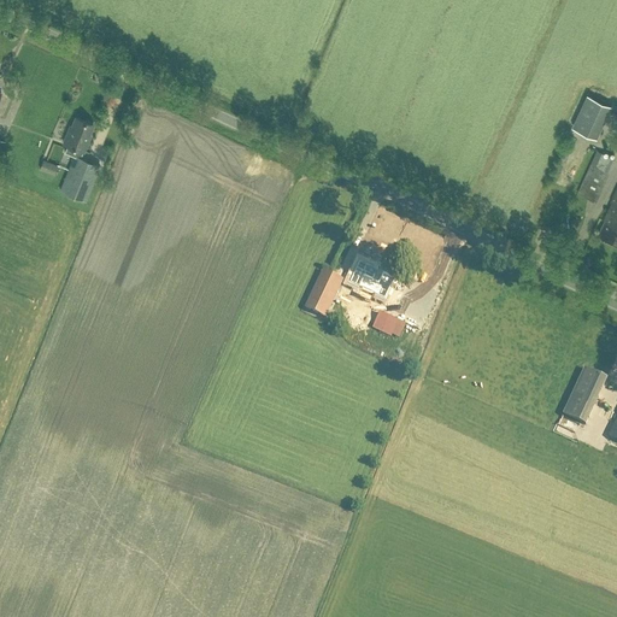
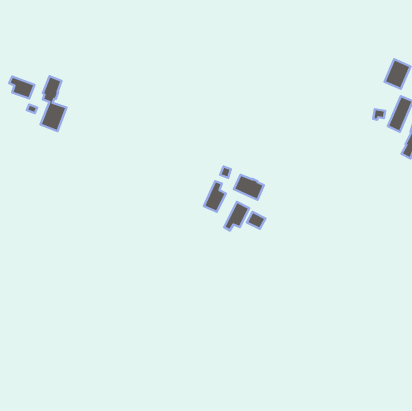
building: none -> [9,76,34,99]
building: none -> [224,202,249,231]
building: [564,366,609,423] -> none

